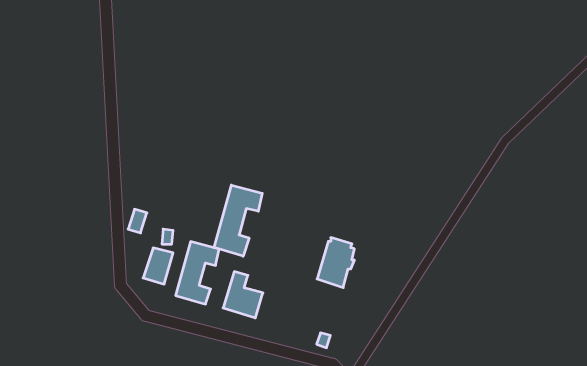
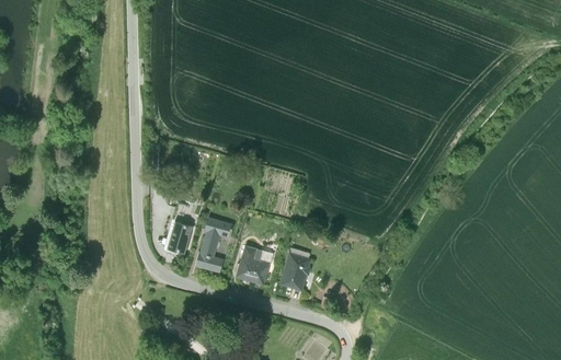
building: [214,185,262,256] -> none
building: [317,238,354,288] -> [279,247,312,291]

